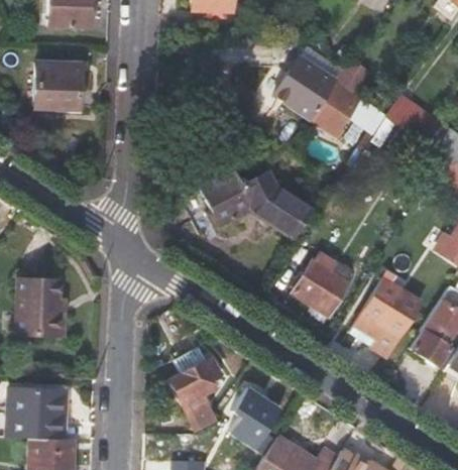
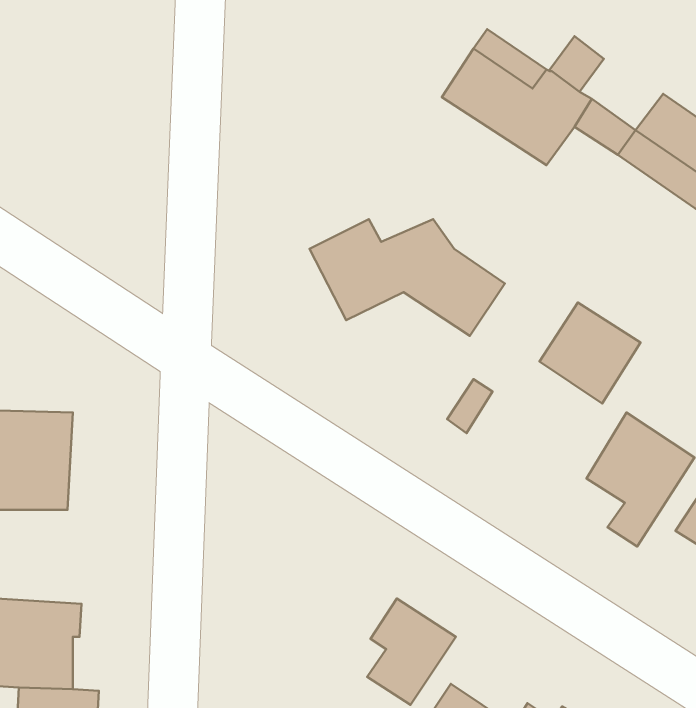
building: [35,62,80,108] -> none
building: [293,259,351,318] -> [540,302,641,403]
building: [169,350,220,430] -> none

